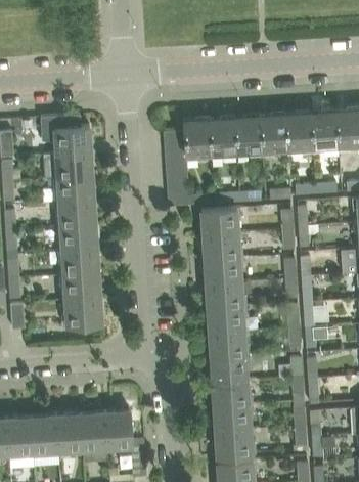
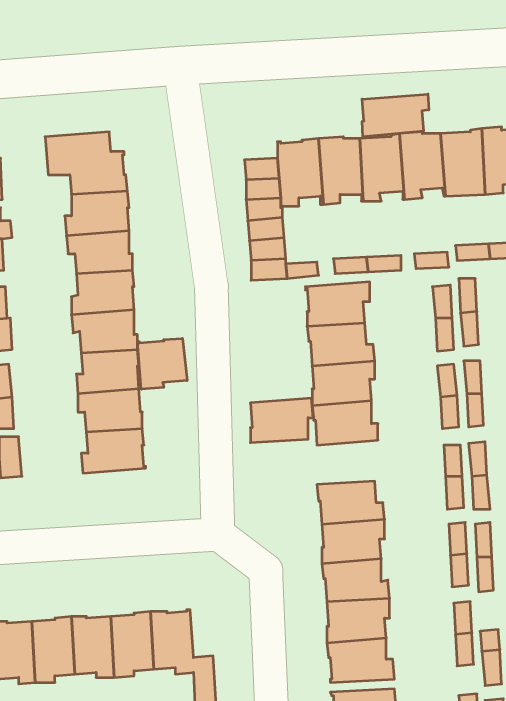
building: none -> [362,94,429,137]
building: none -> [137,338,187,389]
building: [209,306,248,334] -> [250,398,313,443]

